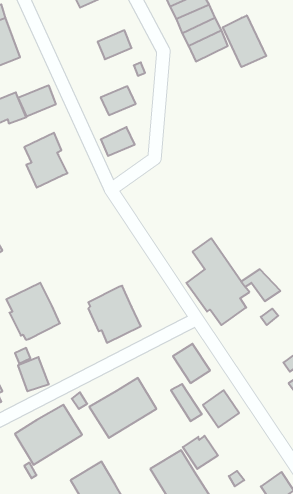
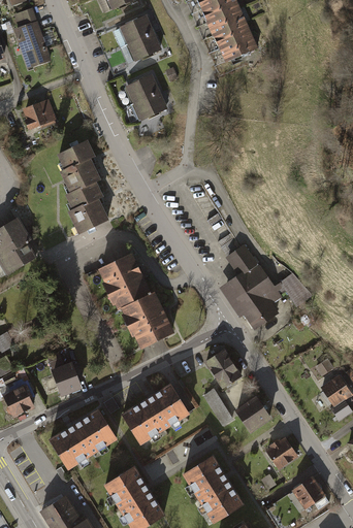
building: none -> [122,19,157,47]
building: [223,15,266,67] -> none
building: [18,85,56,117] -> none
building: [101,127,135,156] -> [126,74,160,103]
building: none -> [65,180,107,233]
building: [6,283,60,340] -> [98,252,152,308]
building: [183,436,218,469] -> [264,437,299,470]

